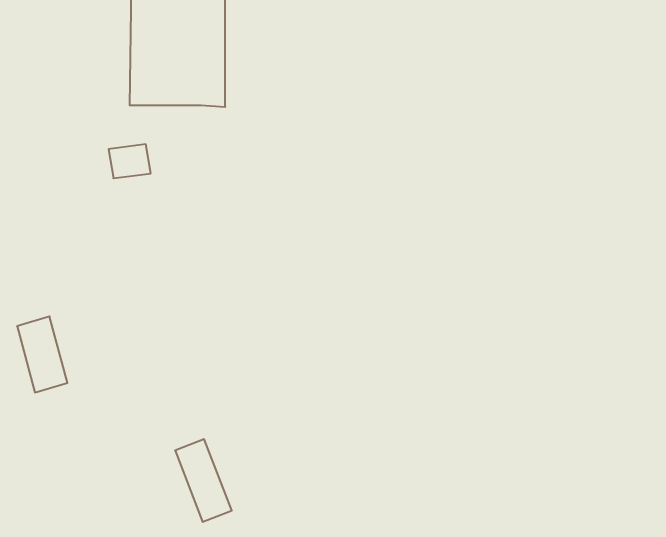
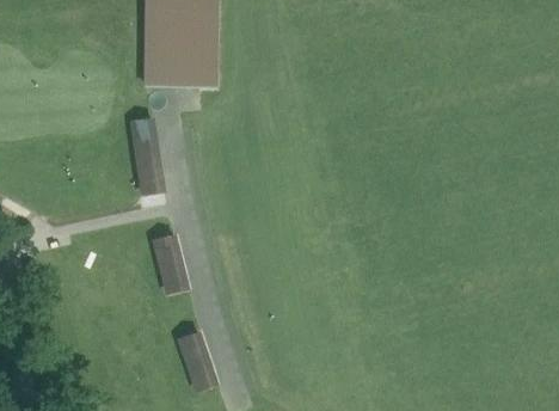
building: none -> [133,135,167,189]
building: [17,316,67,393] -> [152,237,189,293]

